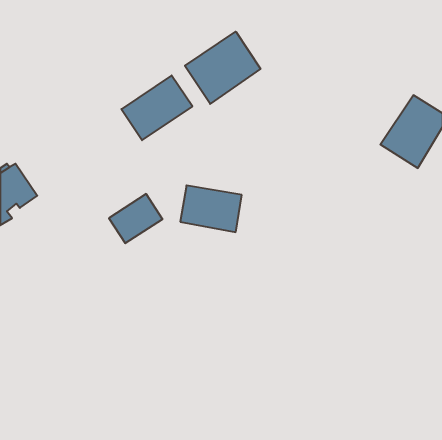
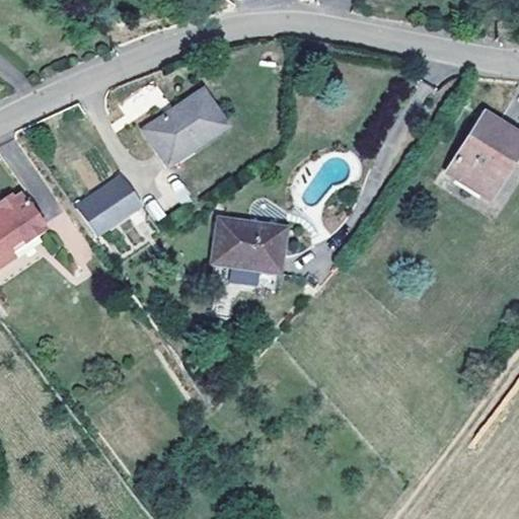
building: [185,32,260,104] -> none
building: [109,194,163,243] -> [77,176,140,234]

